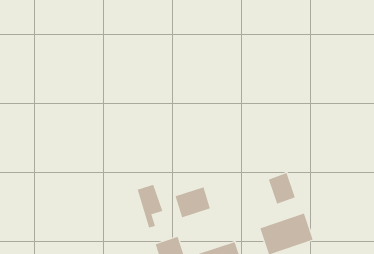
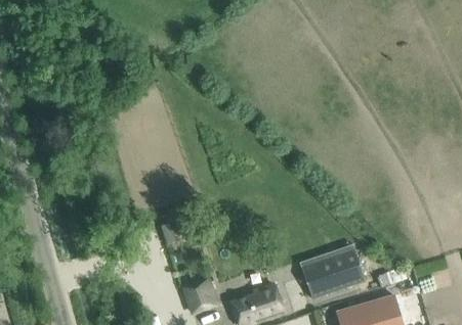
building: [268,172,296,205] -> none
building: [175,187,211,218] -> none

